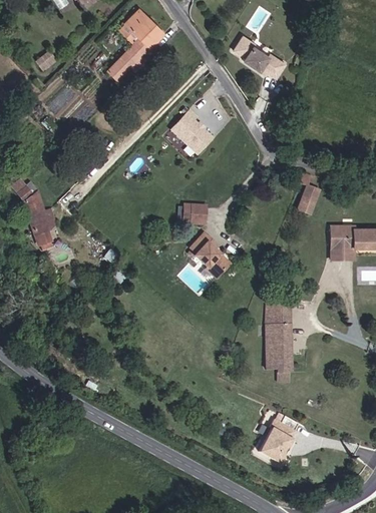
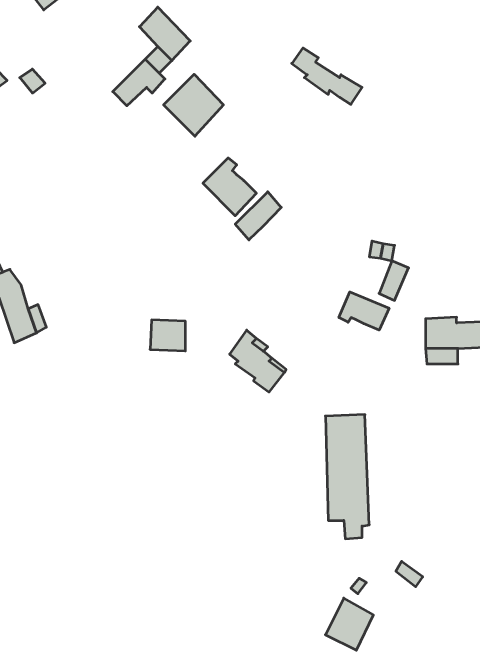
building: none -> [164,74,223,136]
building: none -> [235,192,281,240]
building: [183,202,209,224] -> [150,320,185,351]
building: none -> [339,292,389,330]

